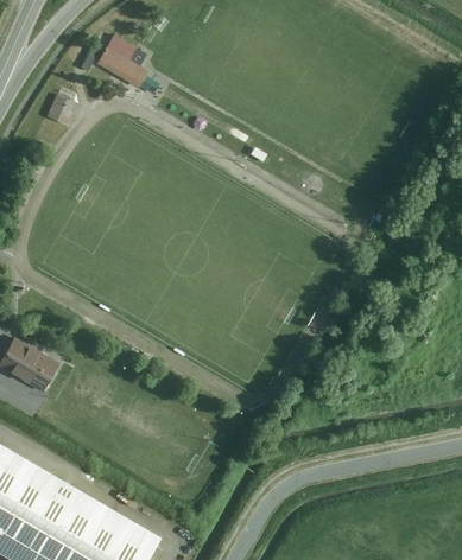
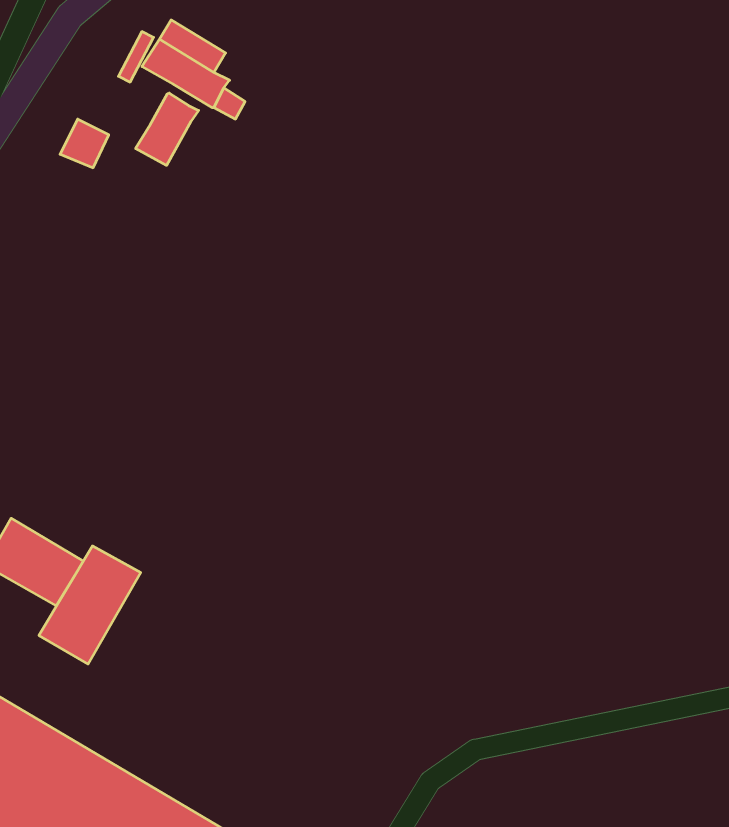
building: none -> [136,93,199,165]
building: none -> [39,546,141,664]

